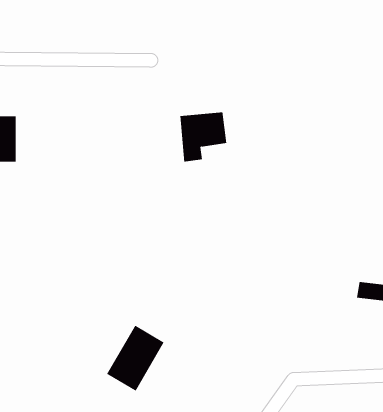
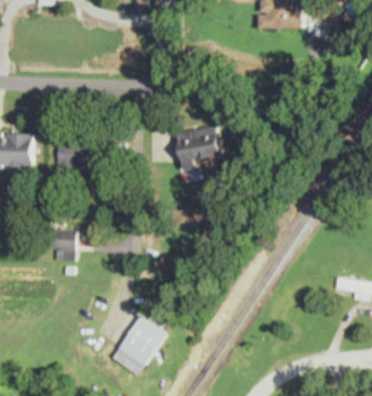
building: none -> [57,141,99,168]
building: none -> [51,231,75,261]

